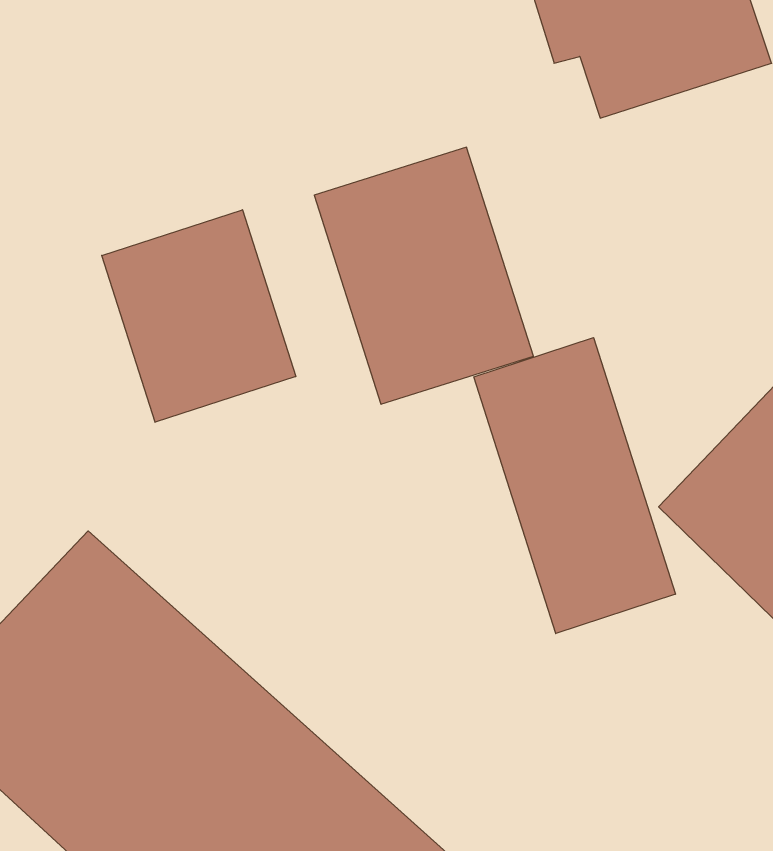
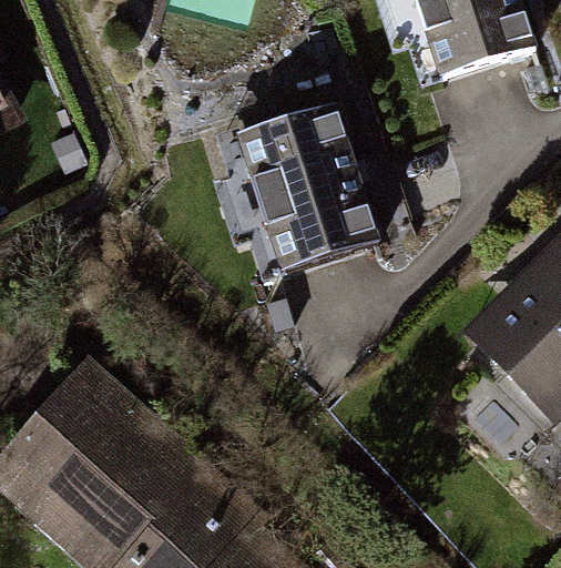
building: [102,210,296,422] -> none
building: [474,338,675,634] -> none

